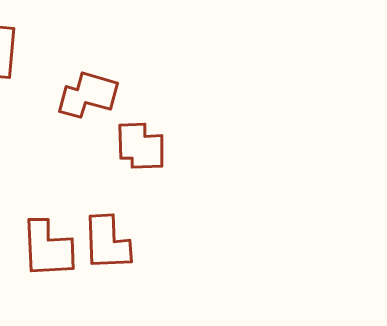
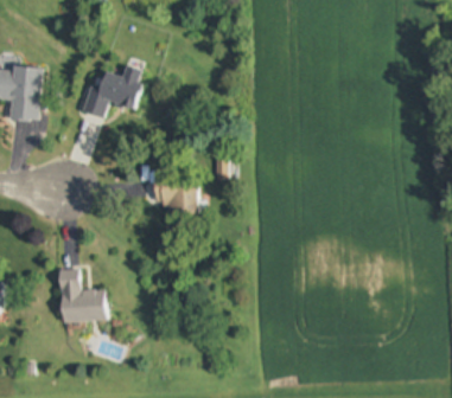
building: [59,73,117,117] -> [82,71,142,117]
building: [90,215,132,264] -> none

